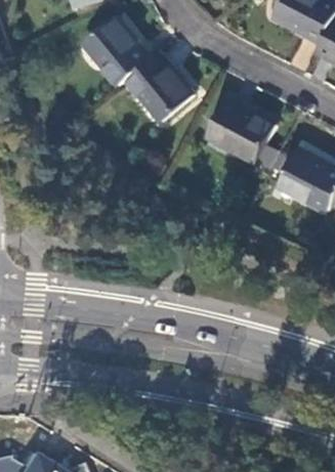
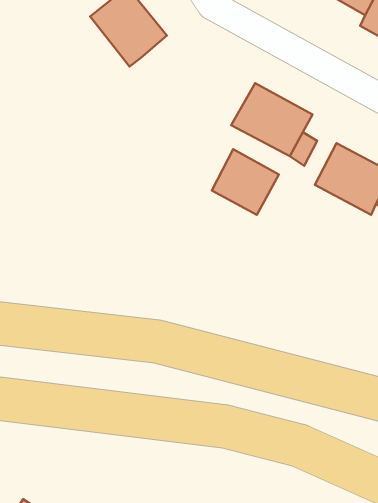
building: [127,50,194,120] -> none
building: none -> [212,149,279,215]

